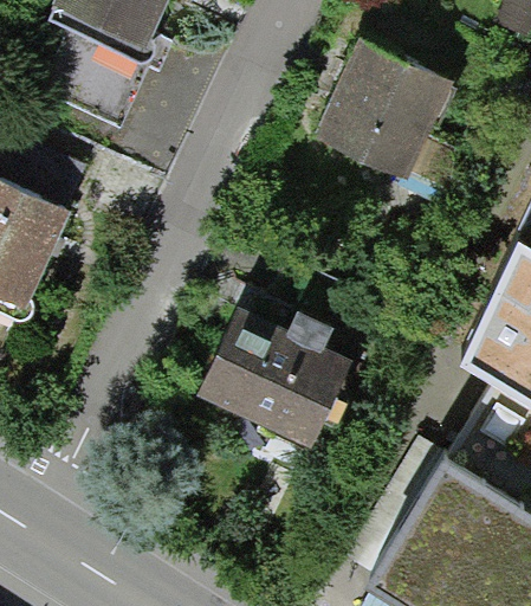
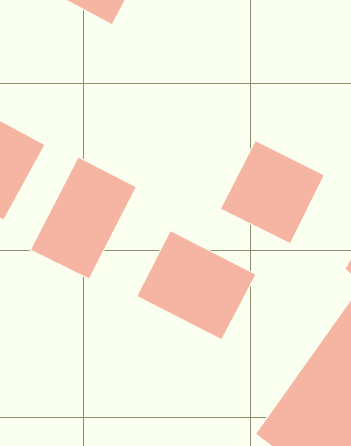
building: [318,49,446,175] -> [220,140,324,244]
building: none -> [30,157,136,279]

